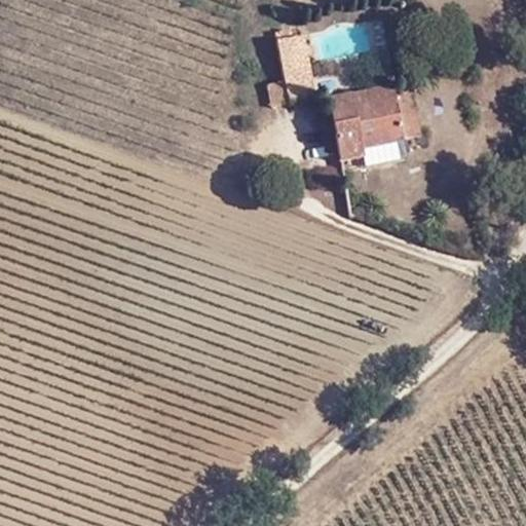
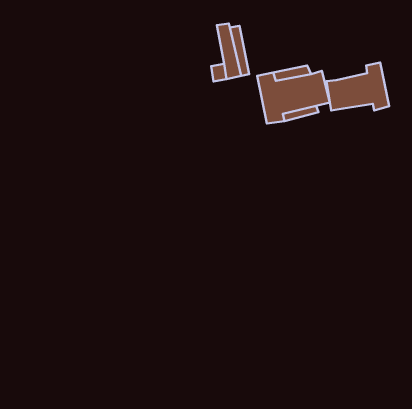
building: none -> [326,62,389,111]

